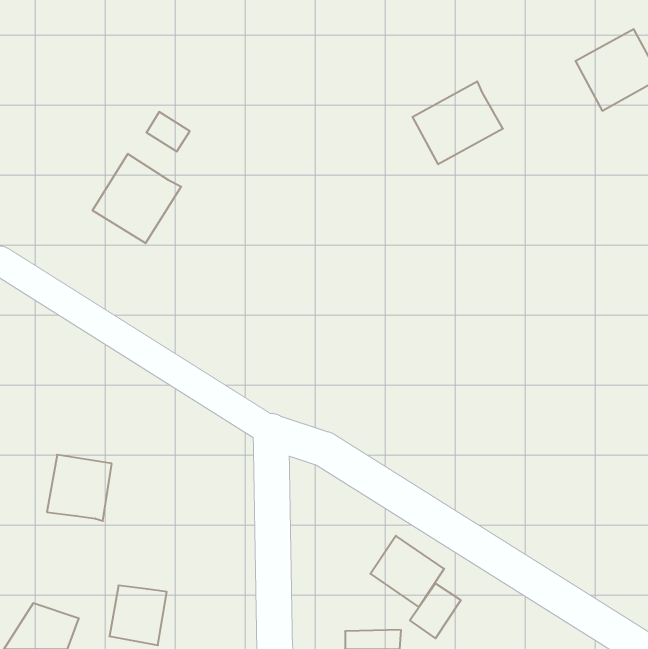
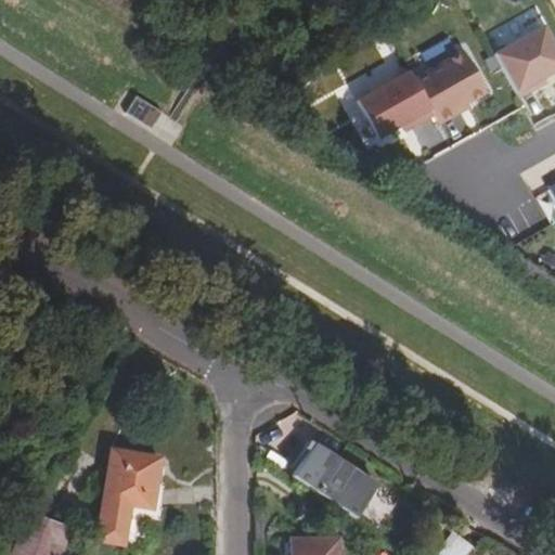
building: none -> [413,51,489,125]
building: [93,154,181,243] -> none
building: [47,455,112,521] -> [103,450,158,506]
building: [410,584,461,638] -> [296,442,339,489]

